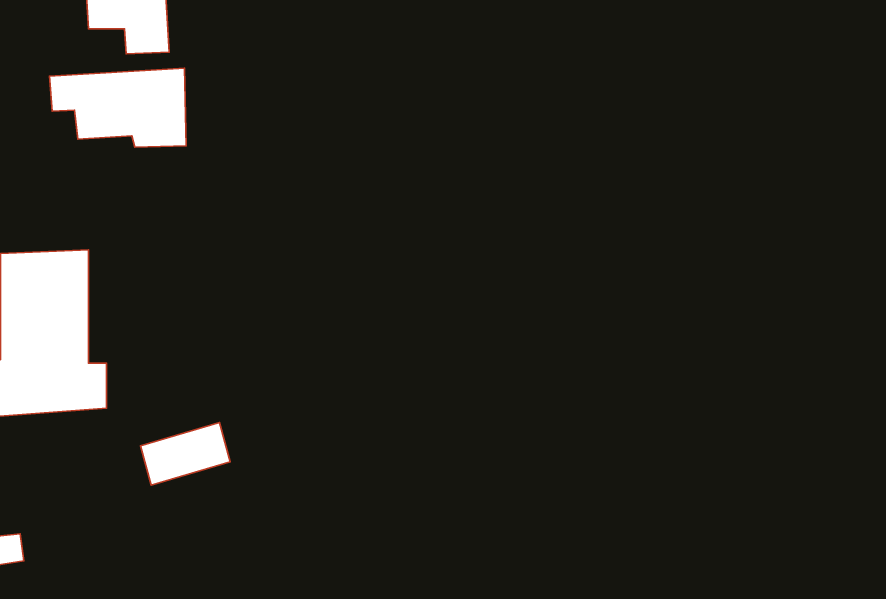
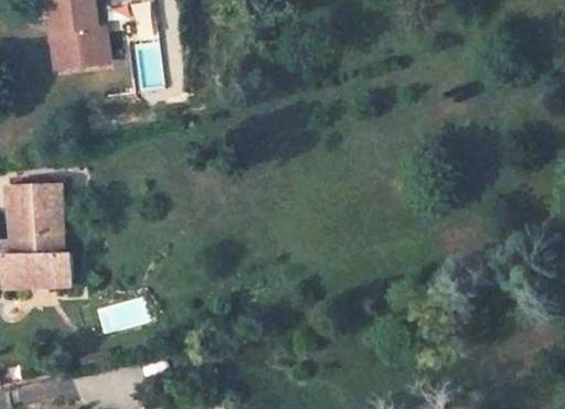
building: [49,68,186,147] -> none

